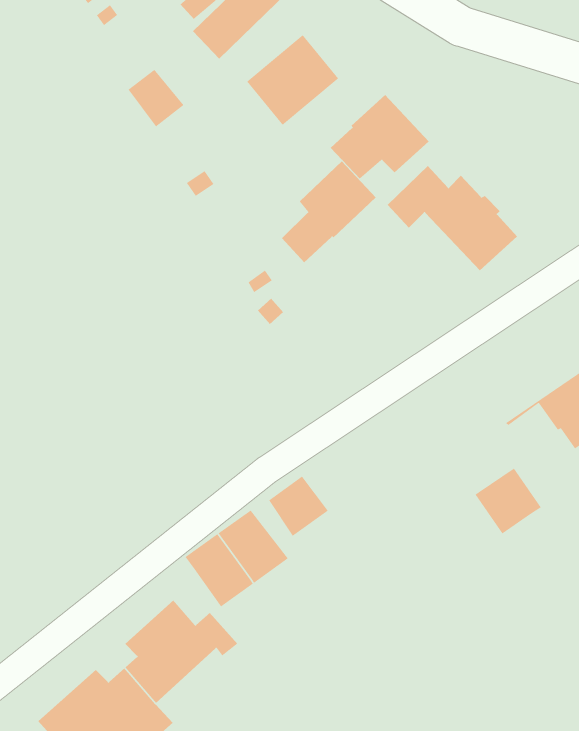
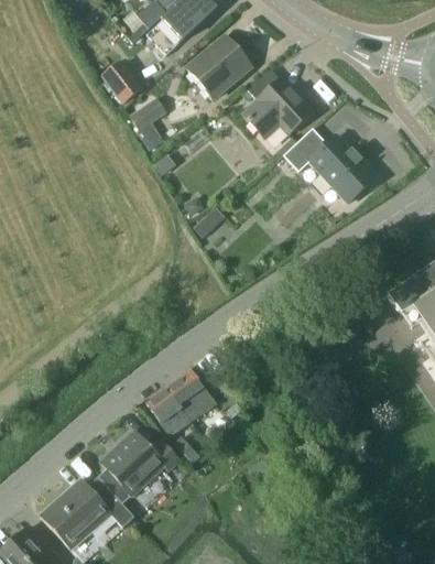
building: none -> [130,96,167,129]
building: [281,161,376,263] -> none
building: [475,467,542,535] -> none
building: [268,476,329,537] -> none

